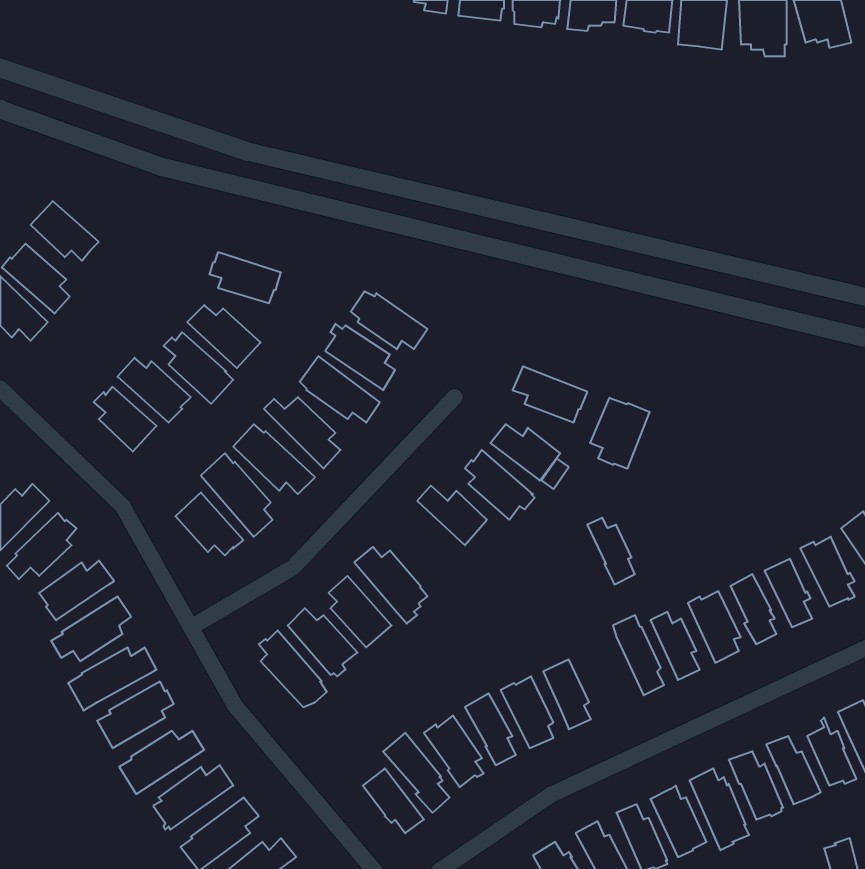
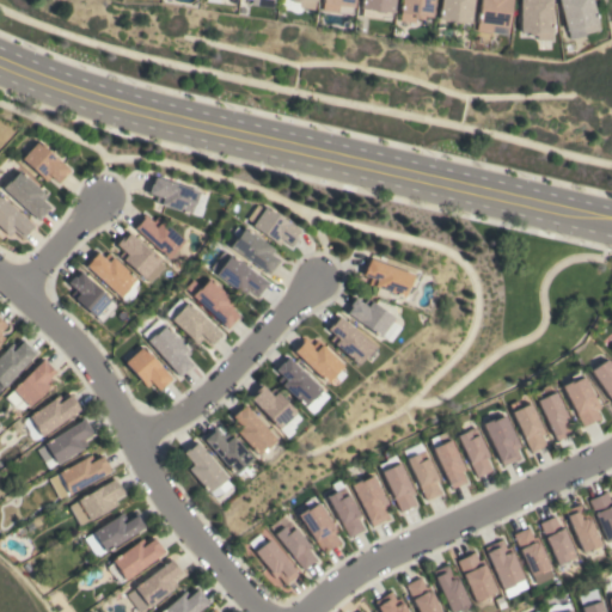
building: [590,398,650,469] -> none
building: none -> [277,357,325,406]
building: [587,518,635,584] -> [410,454,443,501]

